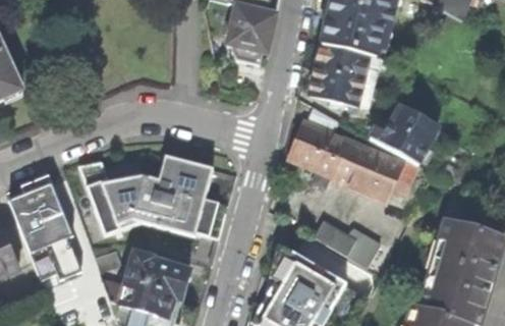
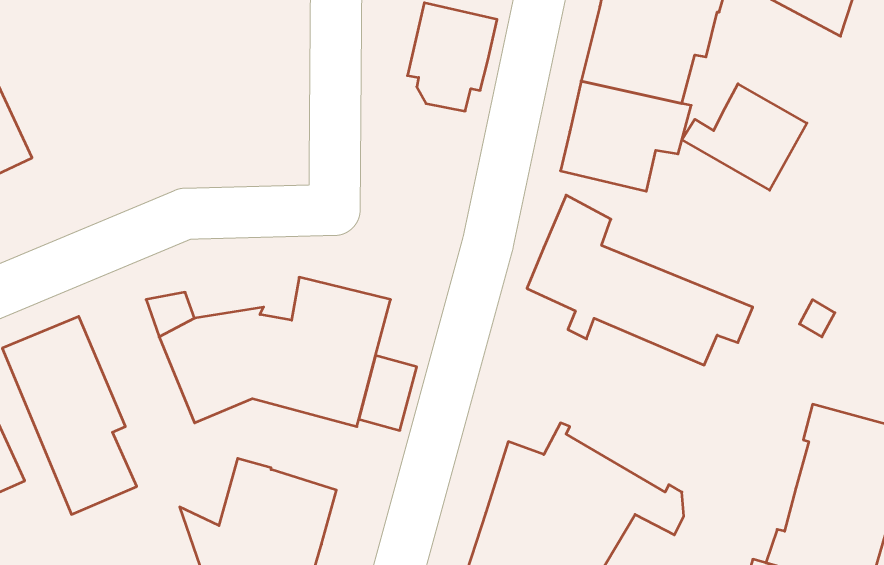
building: [370,108,438,166] -> [682,84,807,190]
building: [313,222,379,270] -> none

